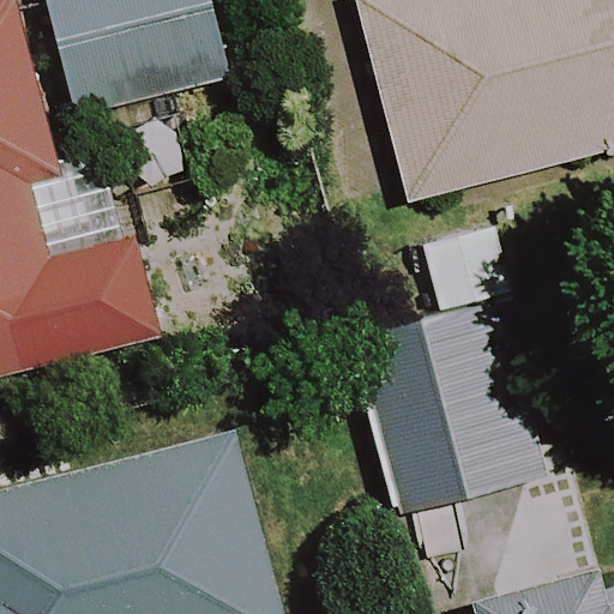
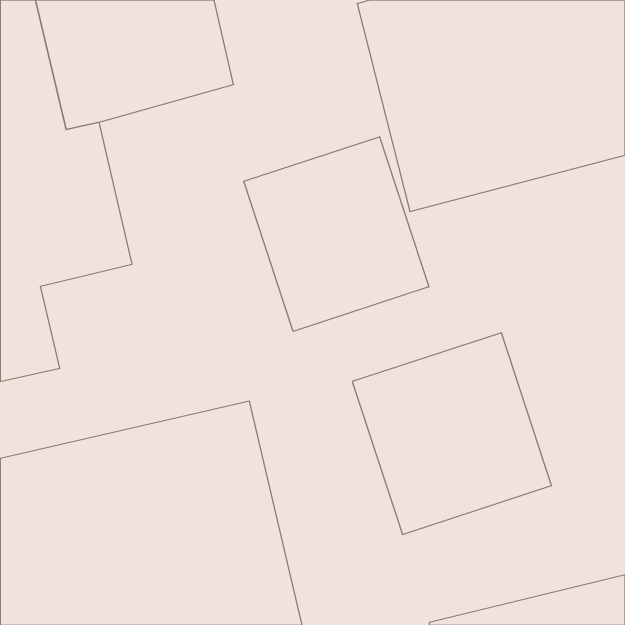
building: none -> [244,137,429,331]

